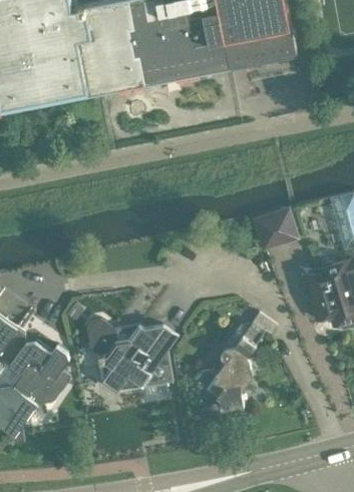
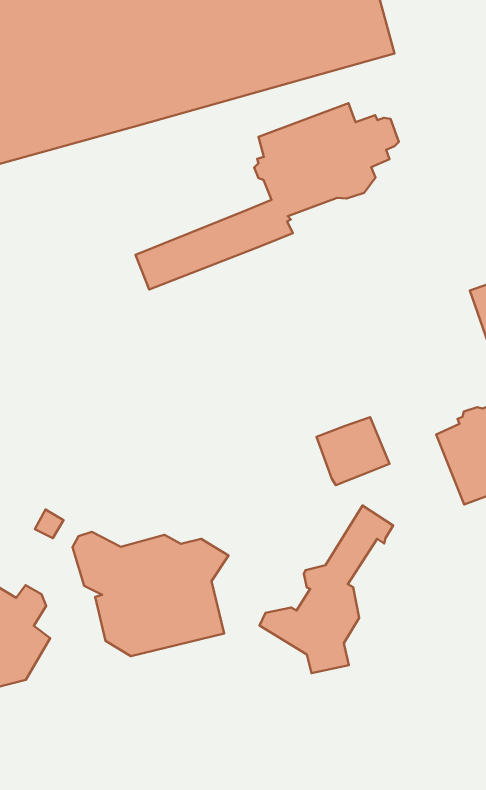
building: none -> [135,103,399,289]
building: [254,210,295,249] -> [317,417,389,485]

